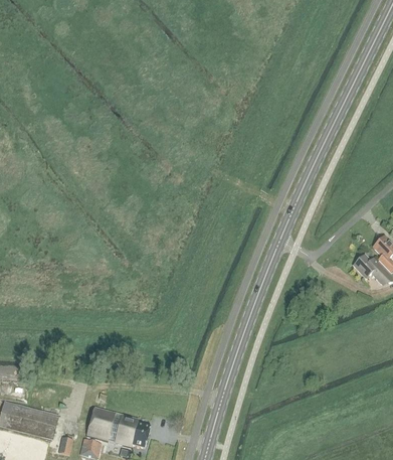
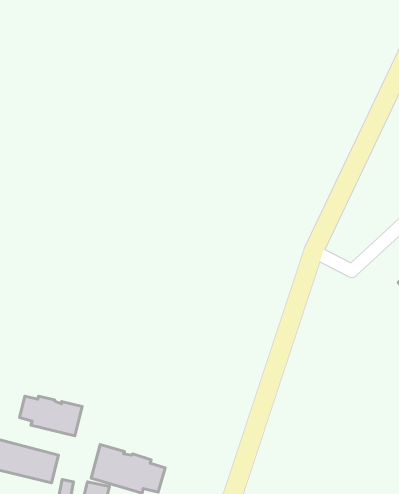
building: none -> [20,396,82,436]

